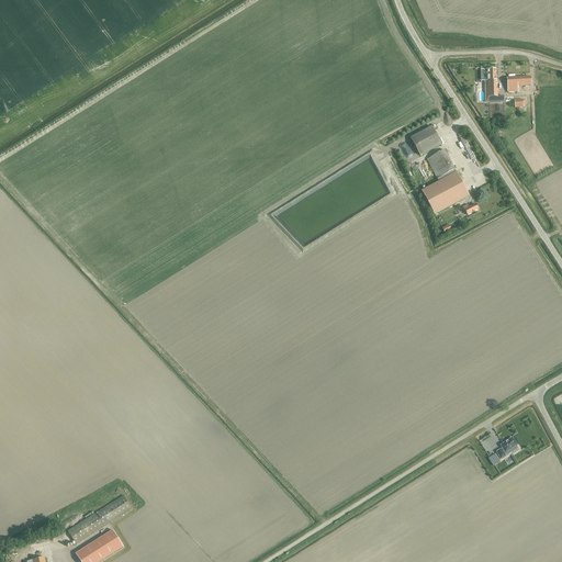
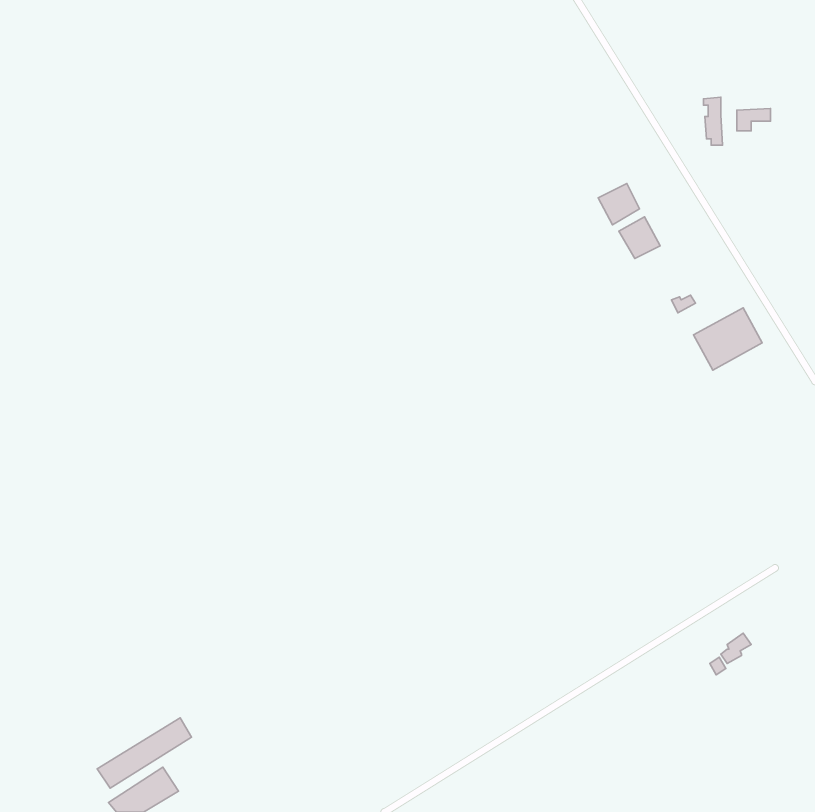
building: [423,171,470,214] -> [694,308,762,370]

